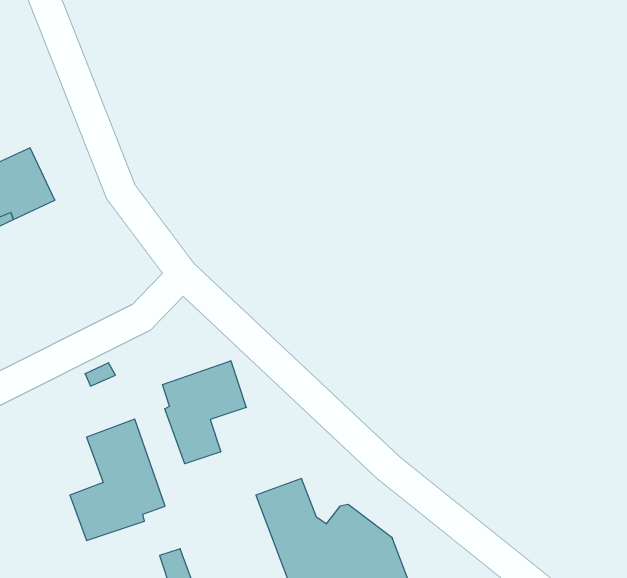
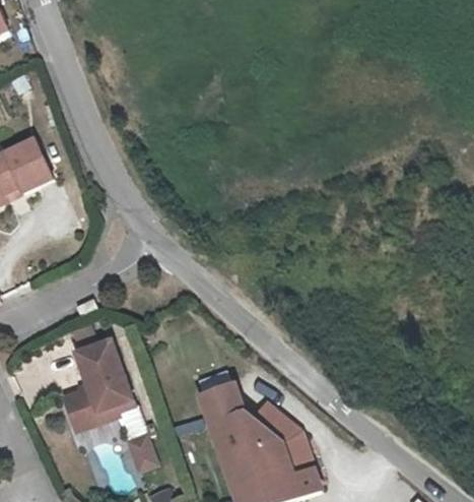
building: [163,361,246,464] -> none

